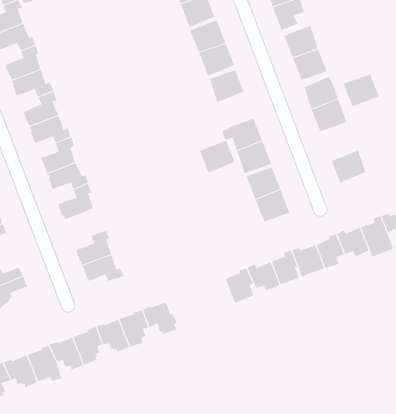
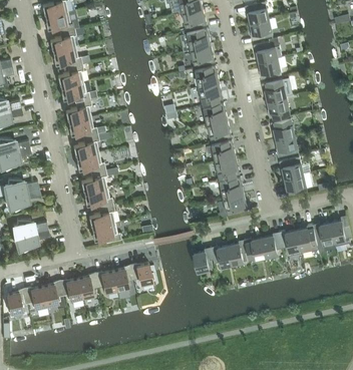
building: [343,74,380,107] -> [279,157,304,179]
building: [199,140,235,173] -> [207,120,232,142]
building: none -> [84,189,113,208]

